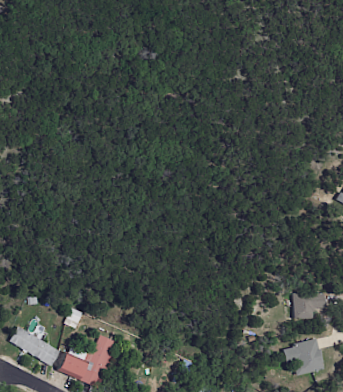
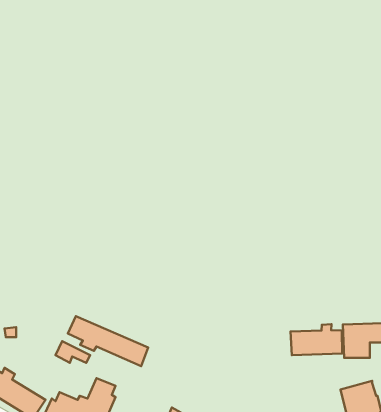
building: none -> [68,316,148,366]
building: none -> [290,324,342,355]

